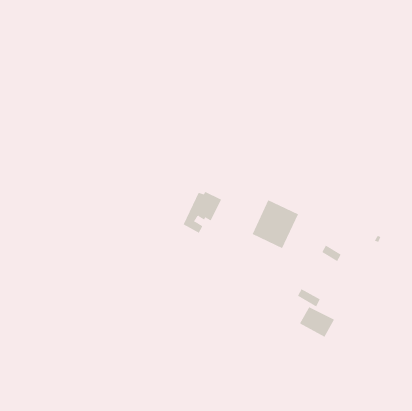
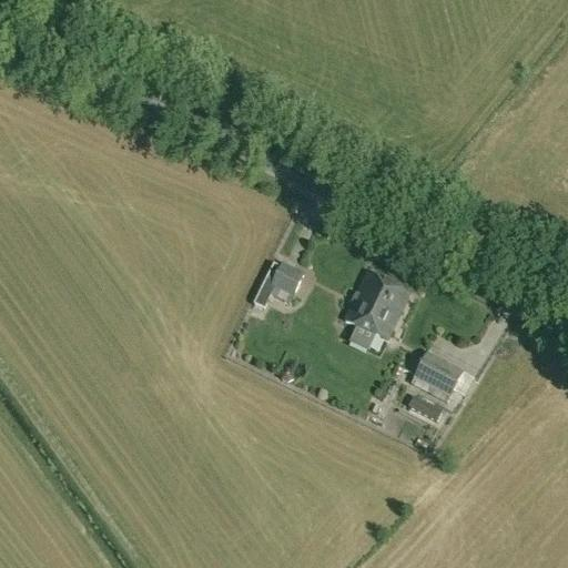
building: [299,307,335,337] -> [415,352,464,394]

